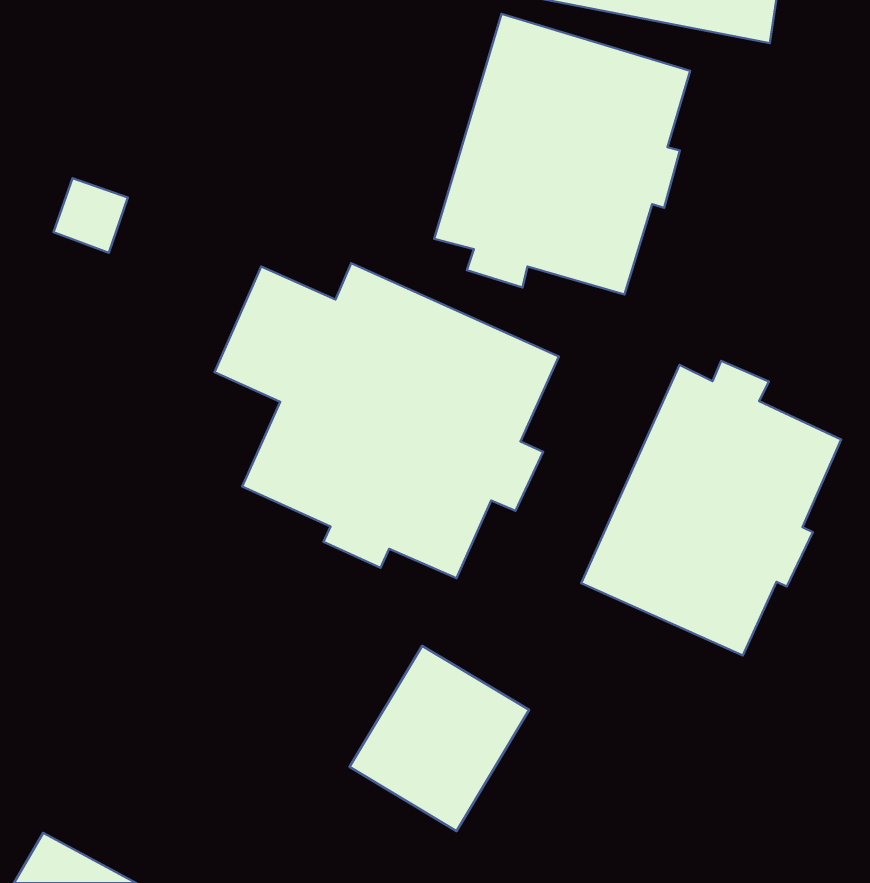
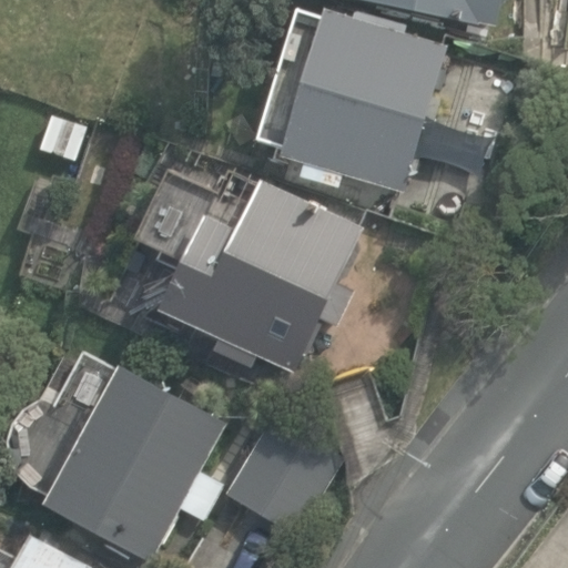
building: [581,361,841,656] -> none
building: none -> [44,365,223,558]

